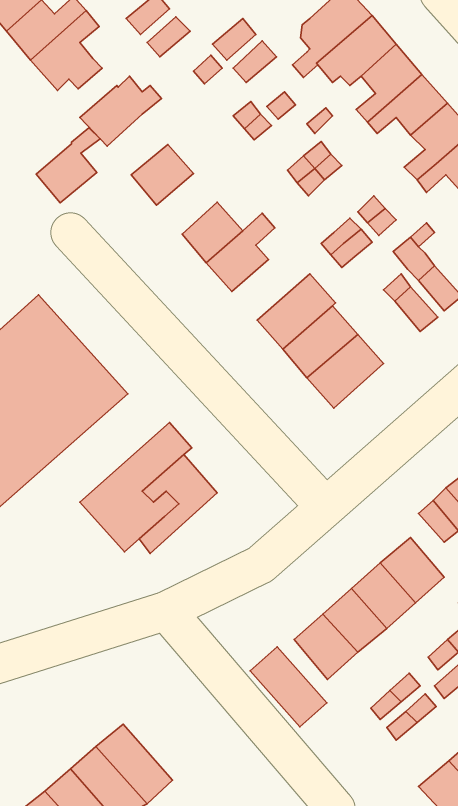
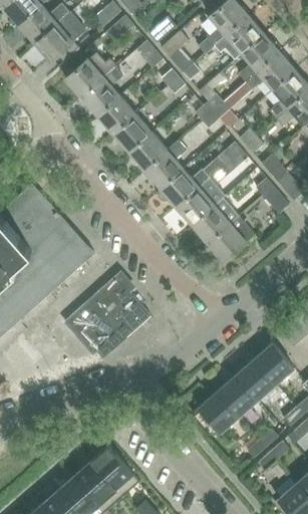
building: [36,128,100,203] -> [81,68,121,115]
building: none -> [112,114,150,153]
building: none -> [157,169,209,207]
building: [250,647,327,727] -> [91,446,139,496]

